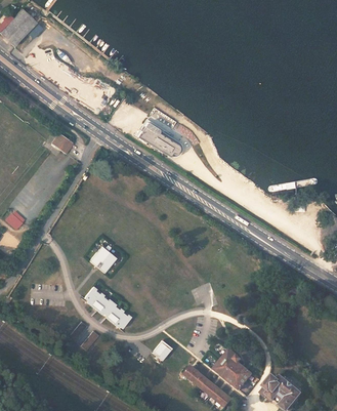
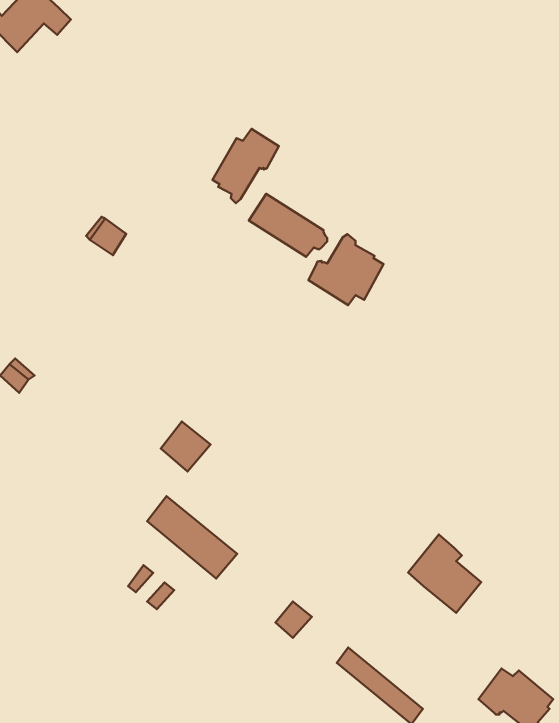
building: none -> [213,129,279,203]
building: none -> [308,234,383,305]
building: [212,347,251,389] -> [408,534,481,613]

